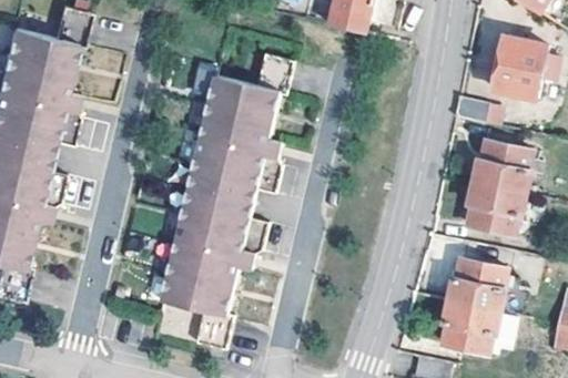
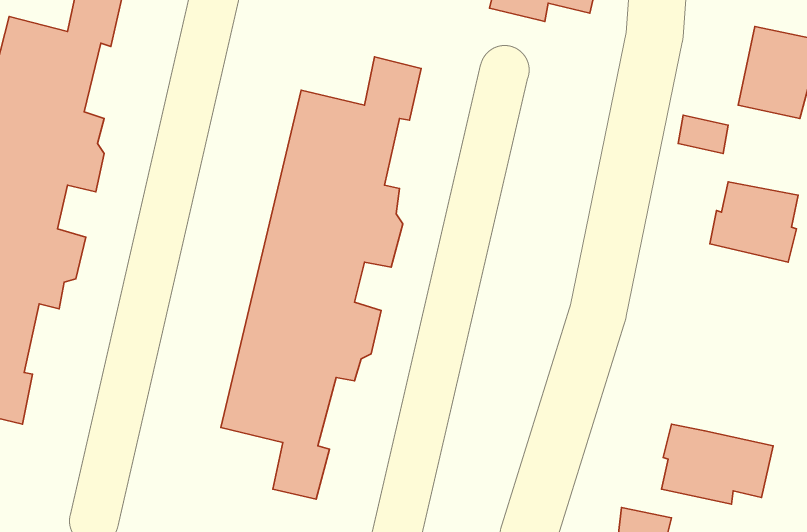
building: [469,181,528,235] -> none
building: [450,257,509,310] -> none

